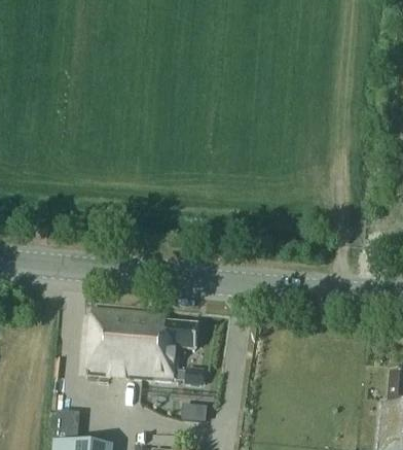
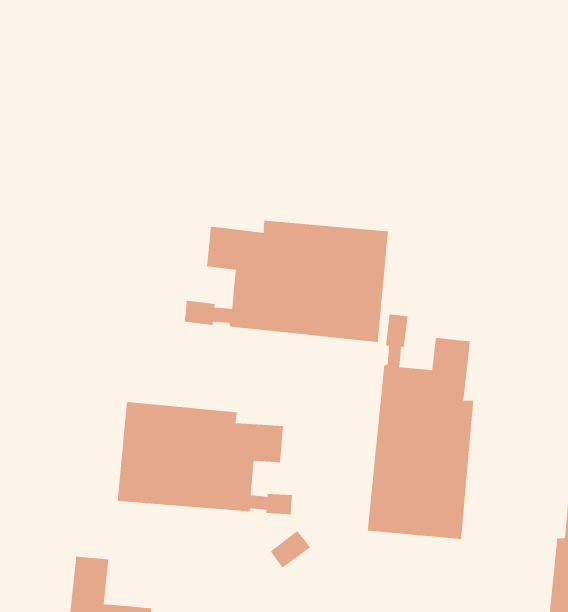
building: none -> [184,220,388,343]
building: none -> [367,314,474,540]

